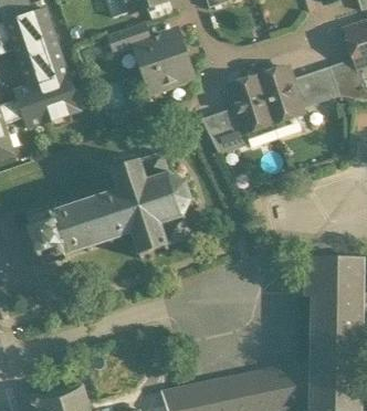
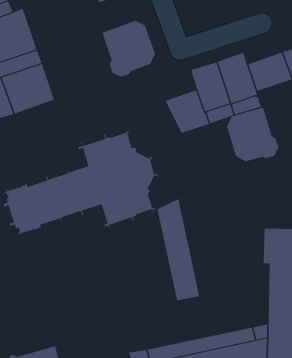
building: [106,21,149,52] -> none
building: none -> [227,107,279,162]
building: none -> [157,198,200,301]

